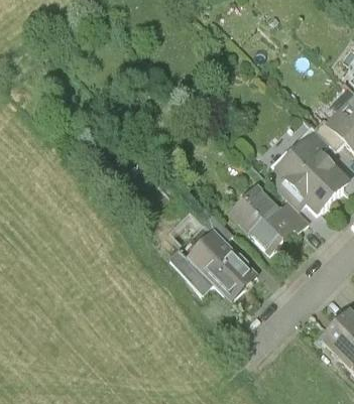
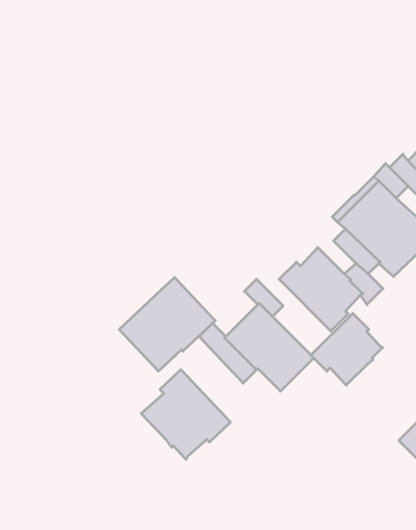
building: none -> [119,277,215,371]
building: none -> [311,313,383,385]
building: none -> [141,370,230,459]

